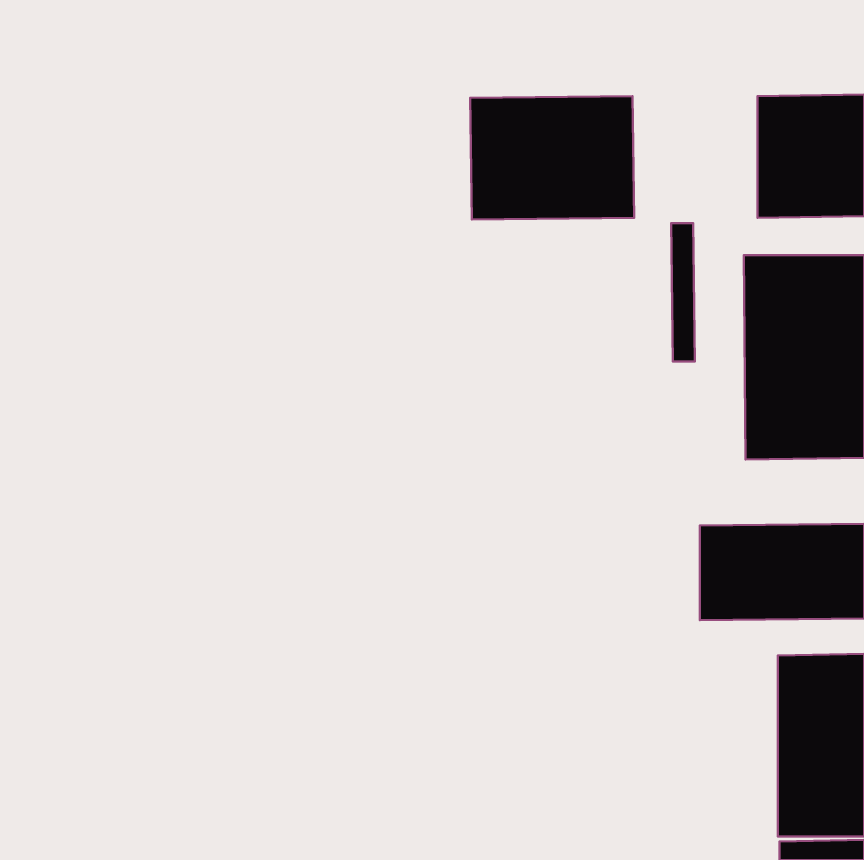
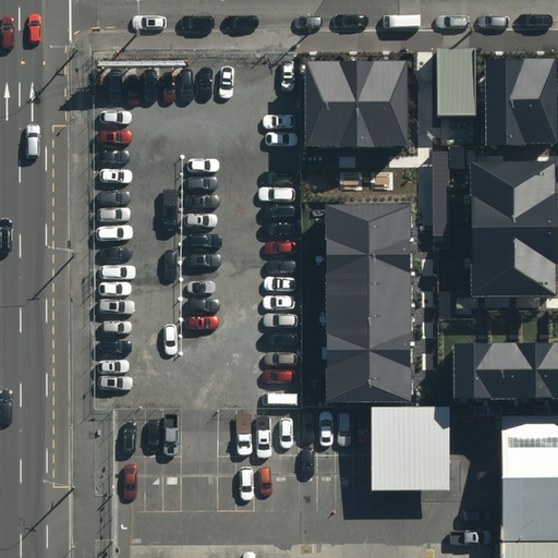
building: none -> [437,49,474,116]
building: none -> [332,208,410,403]
building: none -> [373,409,448,492]

